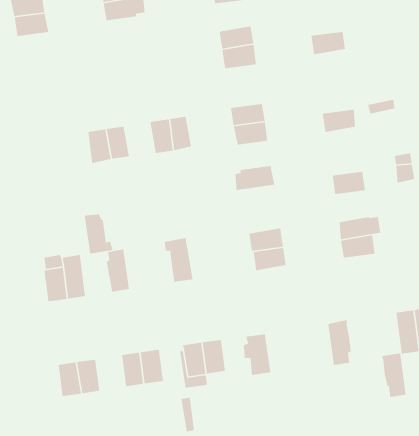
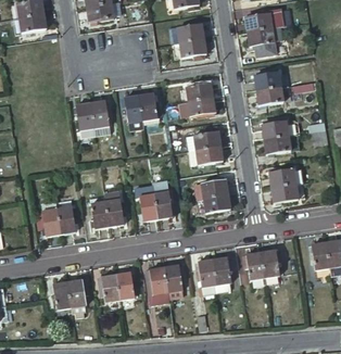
building: none -> [245,12,279,30]
building: none -> [254,72,288,90]
building: none -> [262,119,300,138]
building: none -> [190,146,223,166]
building: [84,214,113,255] -> [104,194,127,226]
building: none -> [152,180,174,218]
building: none -> [213,256,231,290]
building: [381,353,406,398] -> [245,252,265,287]

